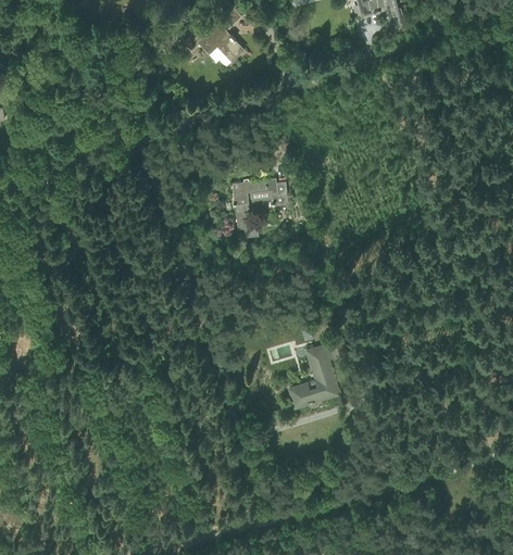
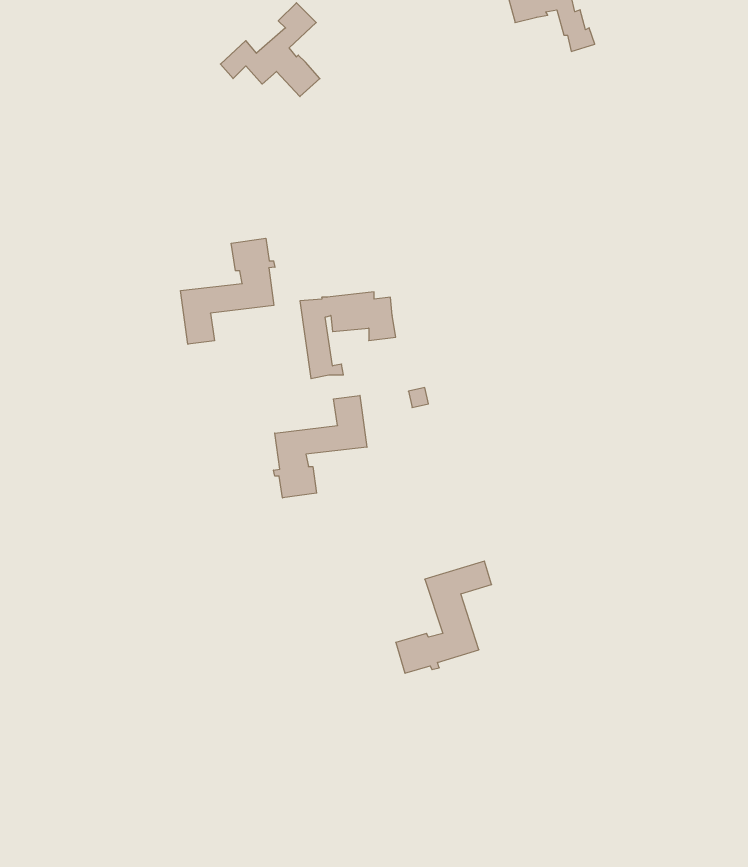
building: none -> [181,238,275,344]
building: none -> [274,395,367,498]

